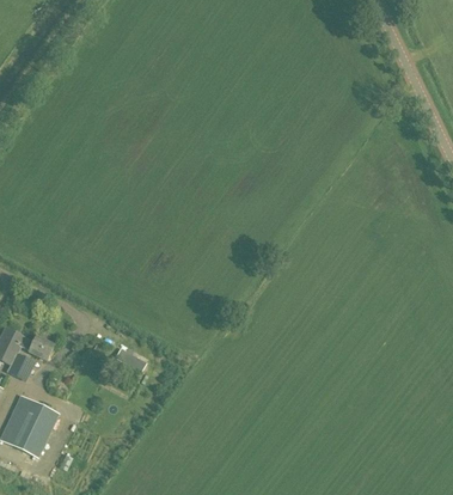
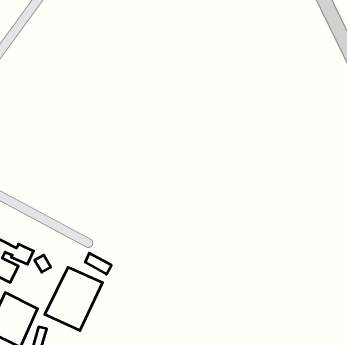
building: none -> [45,267,103,331]

